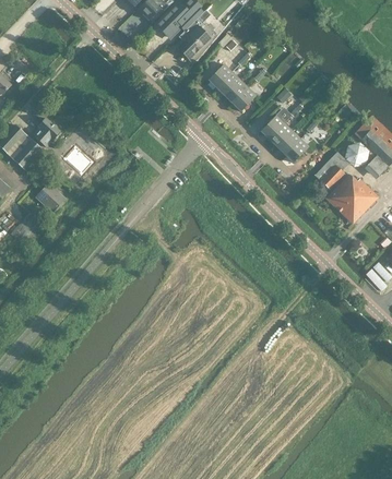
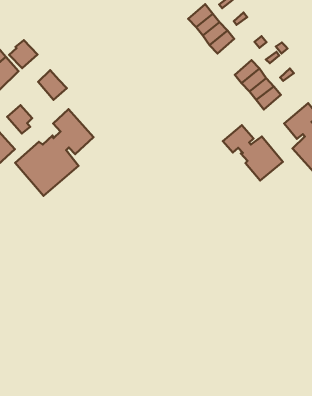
building: none -> [223,125,283,181]
building: none -> [15,109,93,196]

